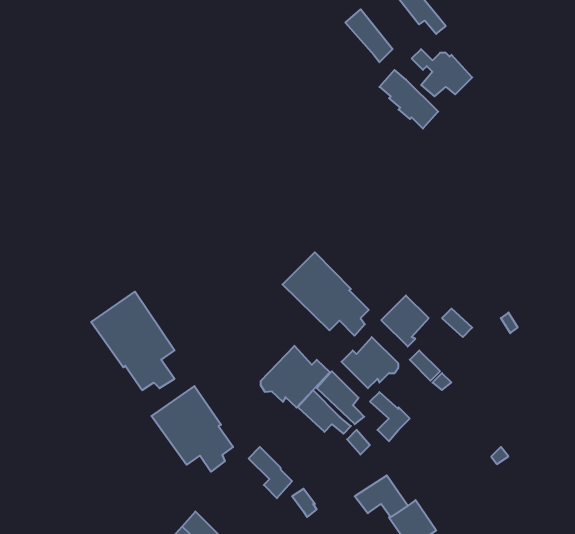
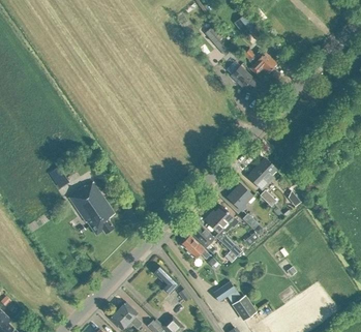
building: none -> [247,158,275,190]
building: [282,252,369,336] -> none
building: [261,346,330,408] -> none
building: [151,386,233,472] -> none

